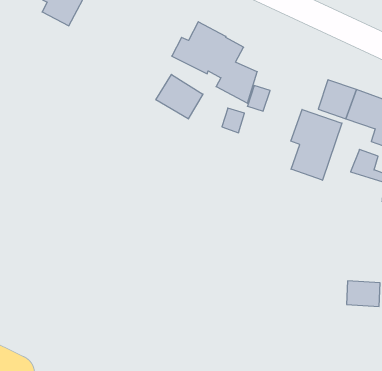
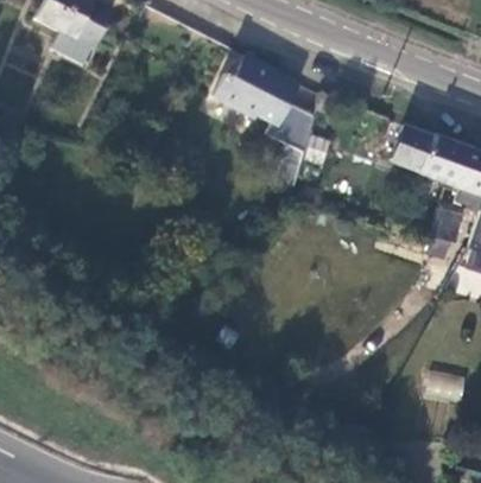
building: [156,74,203,119] -> none
building: [291,109,342,180] -> none

